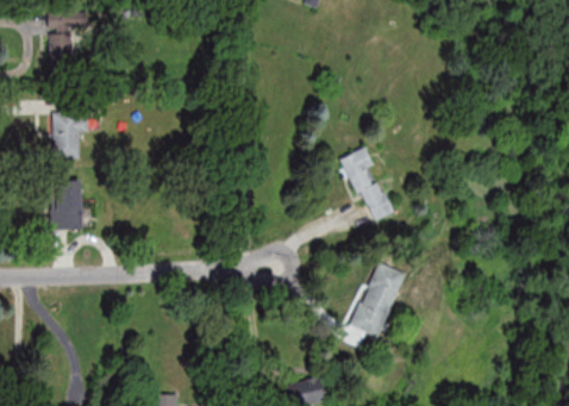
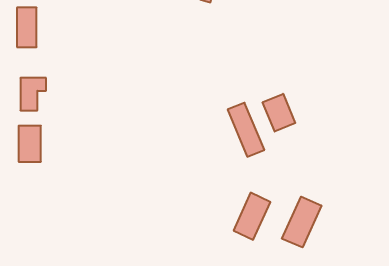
building: none -> [263,94,295,132]
building: none -> [282,197,321,247]

